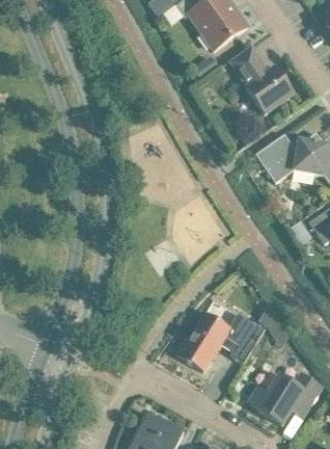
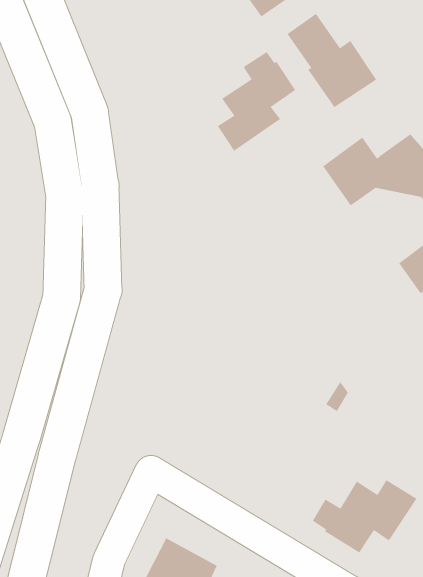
building: none -> [217,51,296,152]
building: [174,312,264,371] -> none

